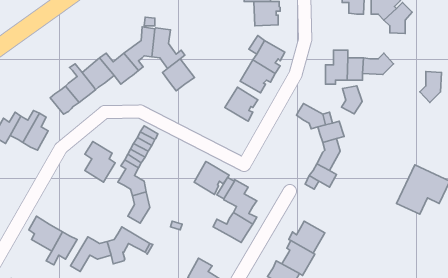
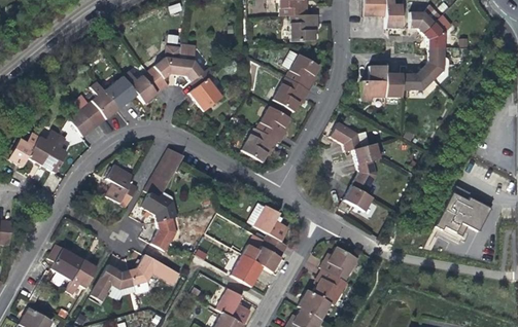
building: [420,71,441,102] -> [423,48,446,81]
building: [342,86,362,114] -> none
building: [194,162,229,195] -> [240,126,277,161]
building: none -> [231,254,263,286]

